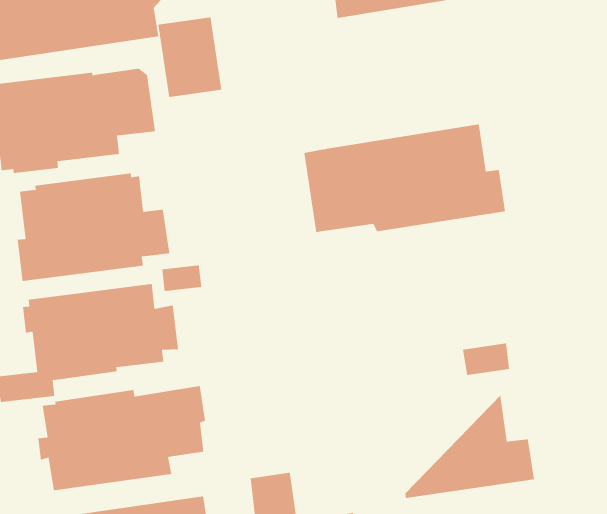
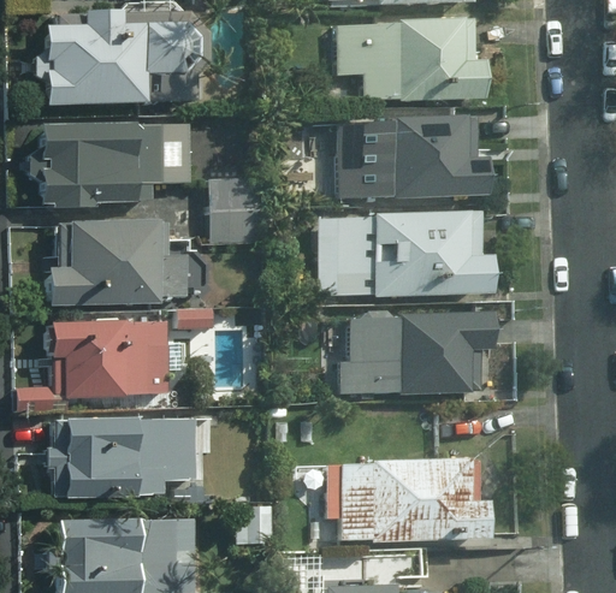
building: [157,17,222,98] -> [209,178,261,247]
building: none -> [338,114,491,198]
building: none -> [338,310,494,395]
building: none -> [326,458,470,539]

